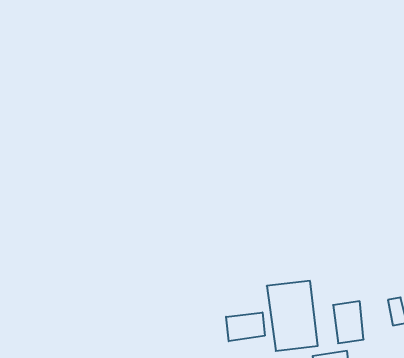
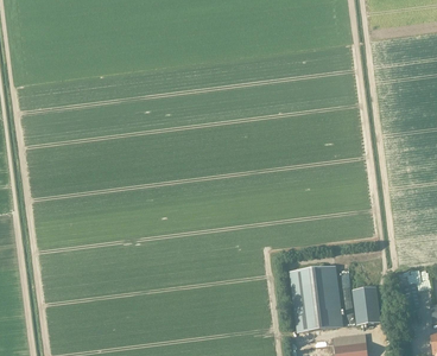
building: [226,312,265,341] -> none

